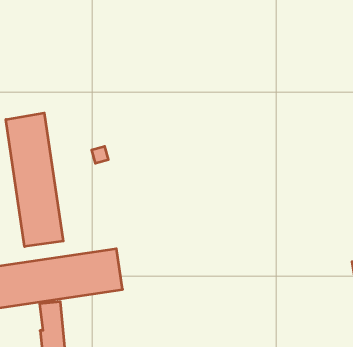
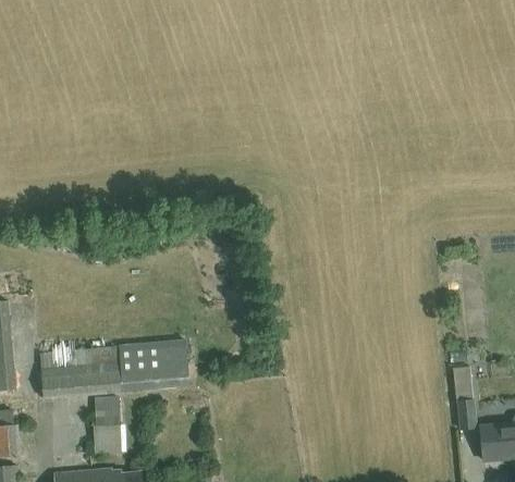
building: [6,113,63,247] -> none

